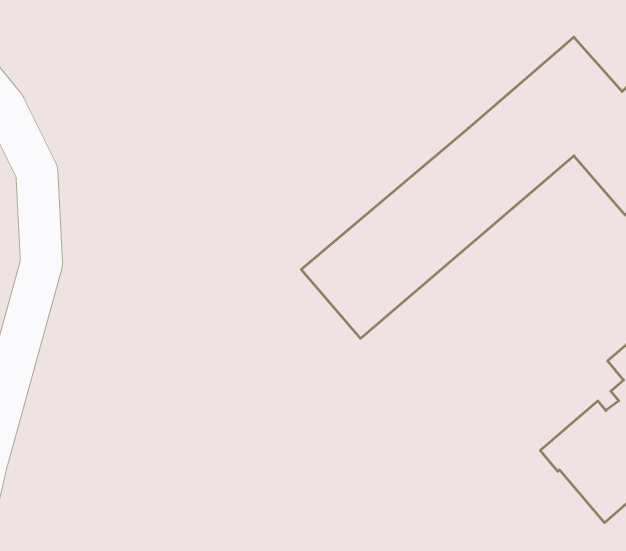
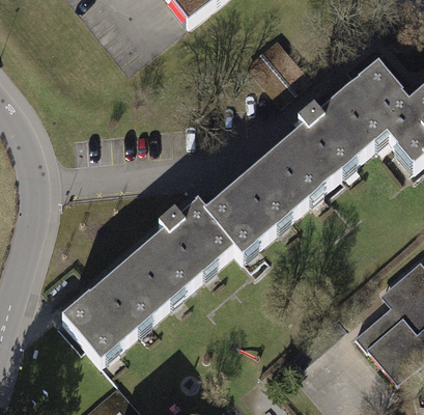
building: none -> [57,200,232,362]

